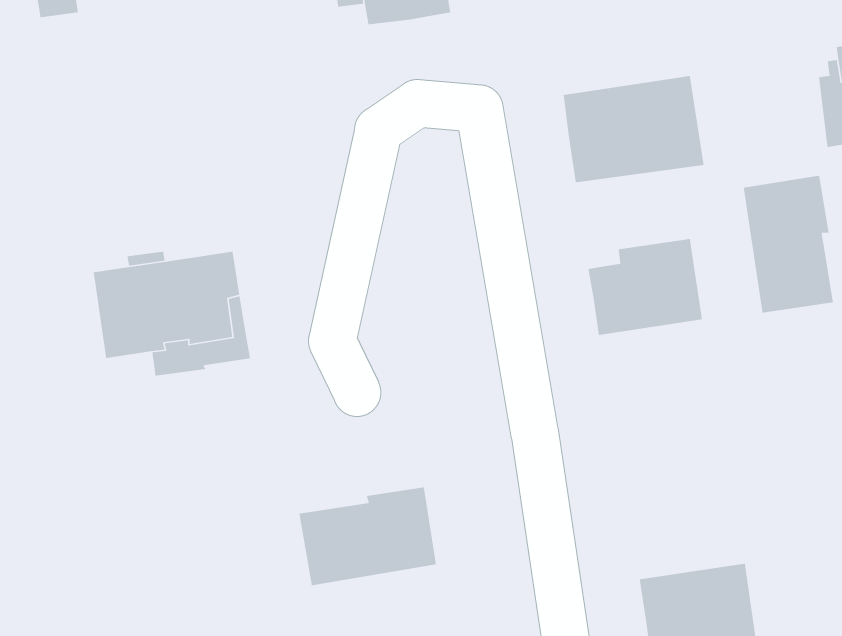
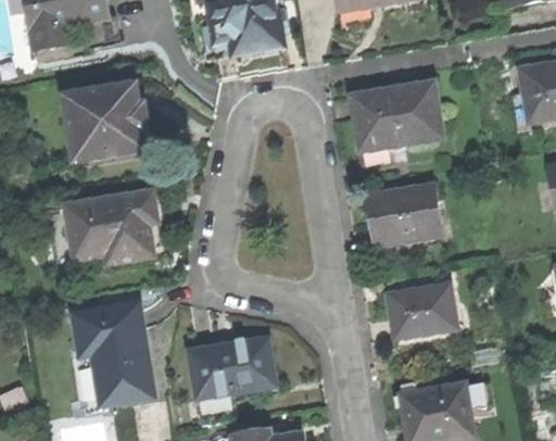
building: none -> [64,85,147,160]
building: [743,175,834,314] -> none
building: none -> [386,284,455,337]
building: none -> [74,302,152,403]

